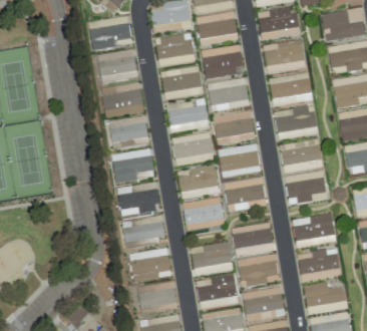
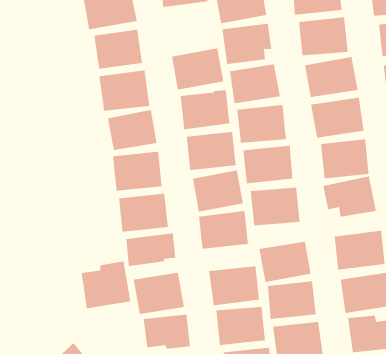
building: [156,33,195,65] -> none
building: none -> [81,261,131,309]

